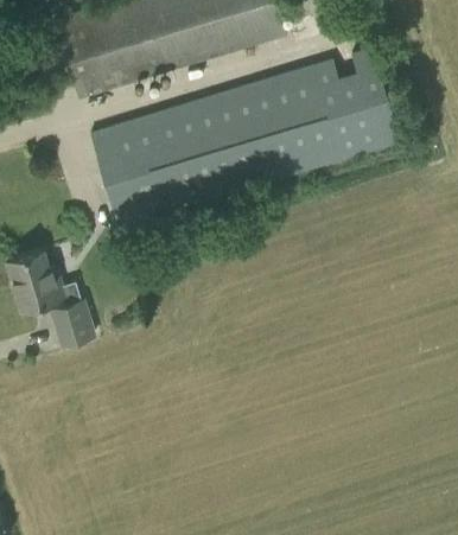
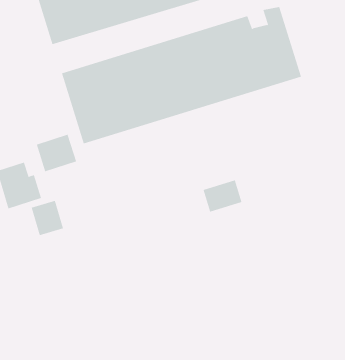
building: none -> [36,134,77,172]
building: none -> [203,180,242,213]

